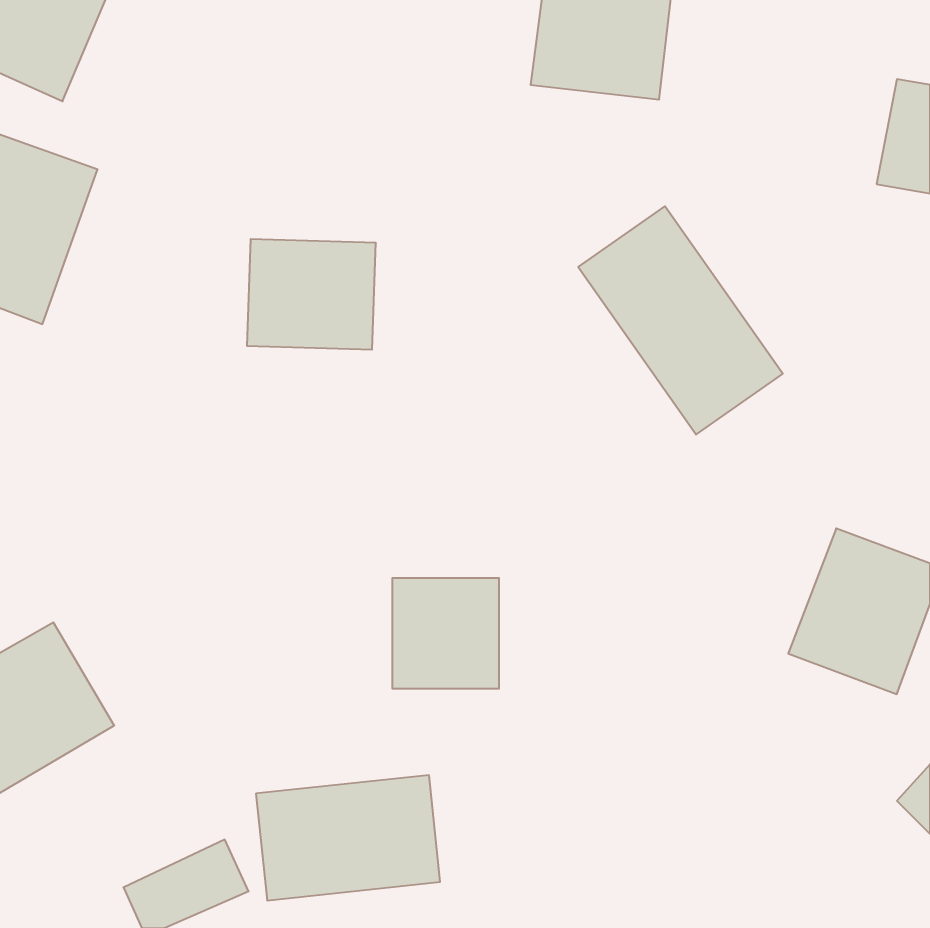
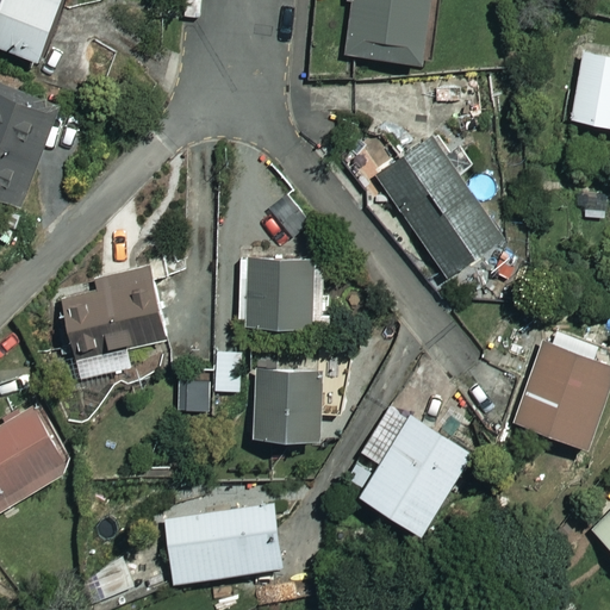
building: [247,239,376,350] -> [237,260,320,331]
building: none -> [61,264,168,380]
building: none -> [346,403,475,539]

